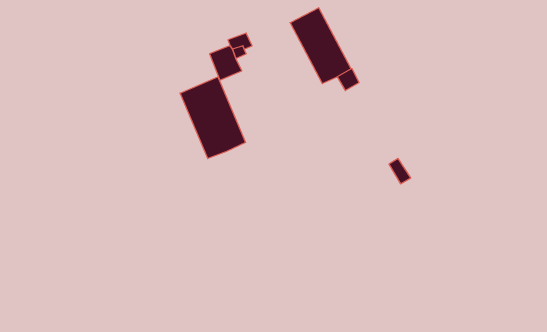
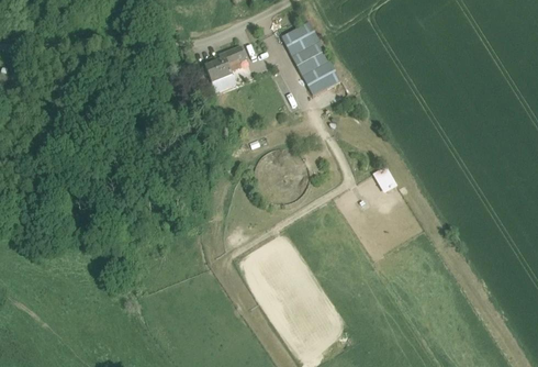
building: [180,77,246,159] -> none

